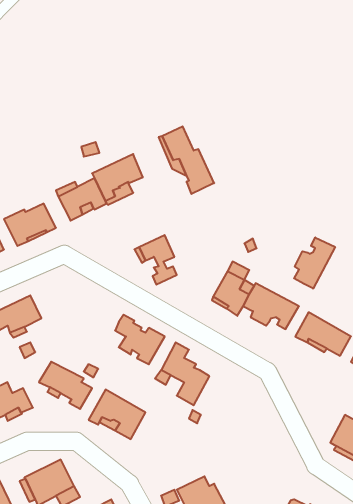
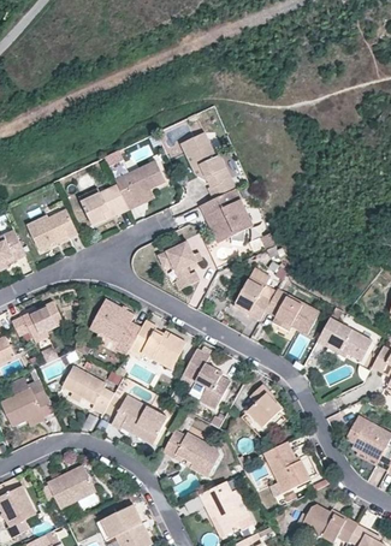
building: none -> [200,189,247,242]
building: [294,237,335,289] -> none
building: none -> [89,298,141,357]
building: none -> [247,384,283,427]
building: none -> [162,429,219,476]
building: none -> [263,441,310,493]

